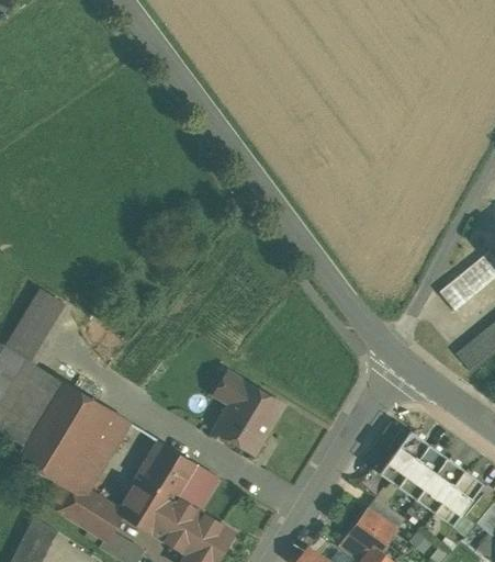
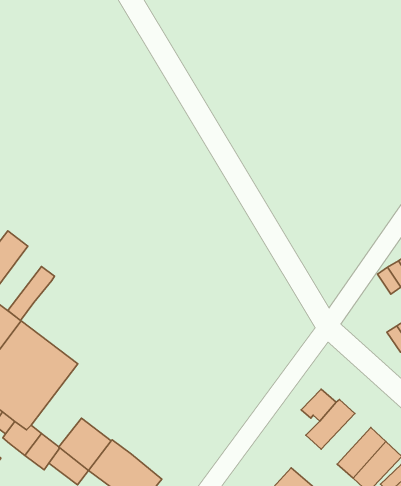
building: none -> [8,266,54,320]
building: [215,375,282,454] -> none
building: [139,442,220,513] -> none
building: [397,445,448,501] -> none

